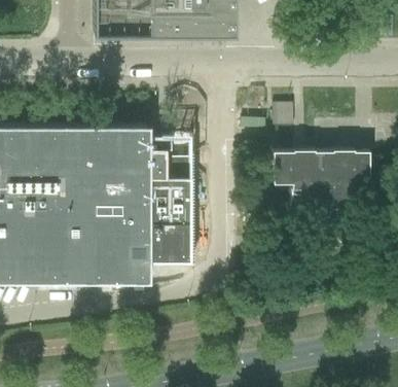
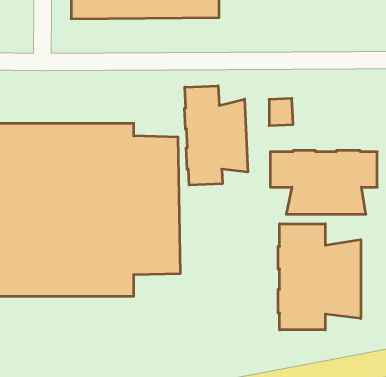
building: none -> [185,86,248,185]
building: none -> [278,224,361,330]

